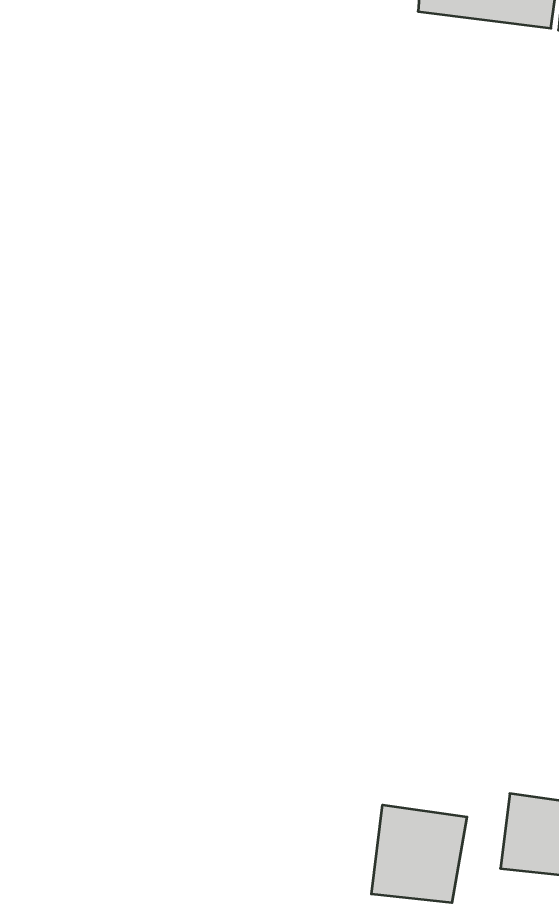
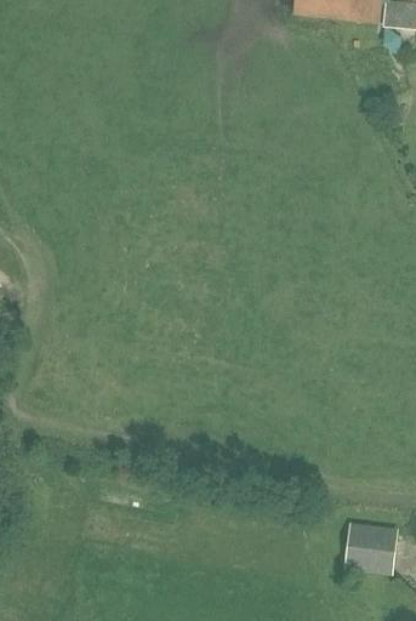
building: [371,805,467,903] -> none

